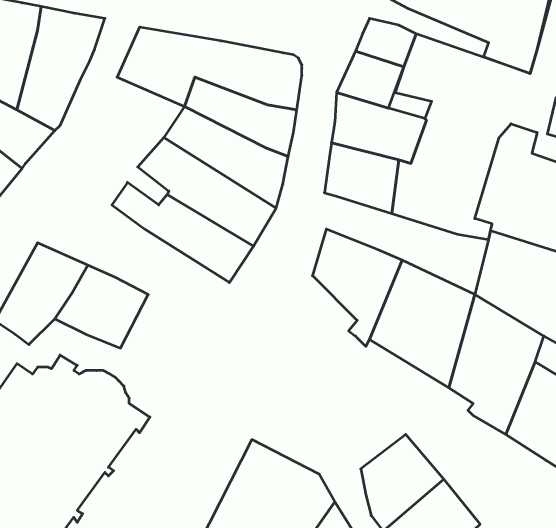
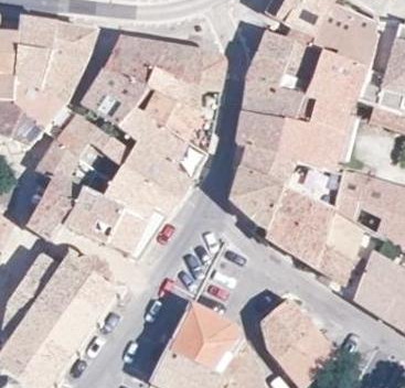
building: none -> [82,69,147,127]
building: none -> [38,112,110,190]
building: none -> [237,146,341,208]
building: none -> [103,166,175,258]

